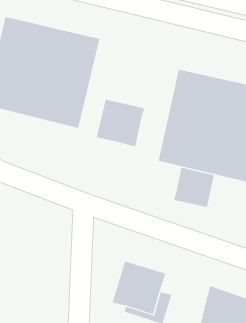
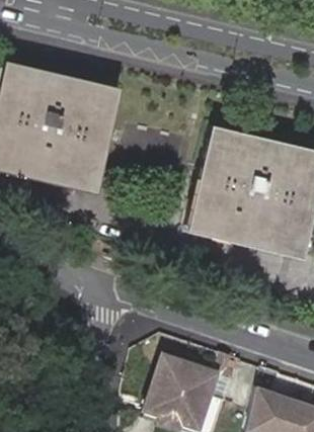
building: [96,99,145,147] -> none
building: [174,167,215,208] -> none

